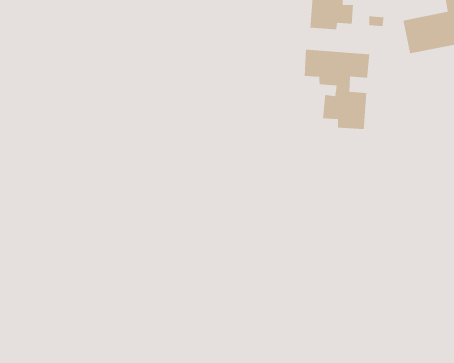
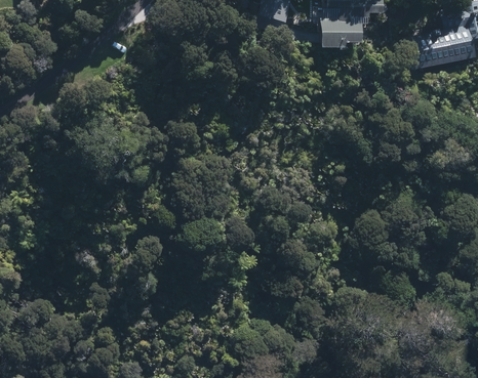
building: [304,49,370,130] -> none

